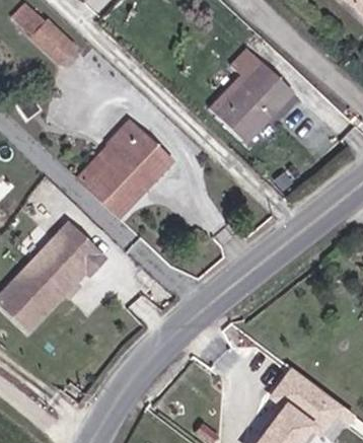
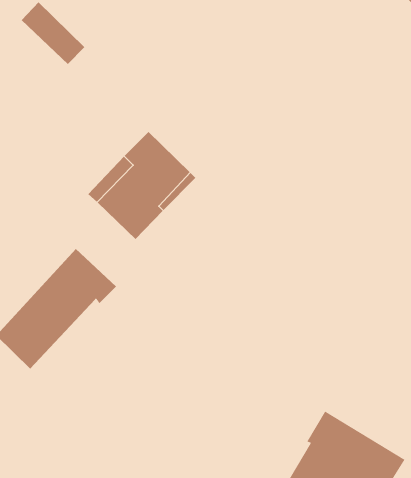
building: [210,51,294,144] -> none

